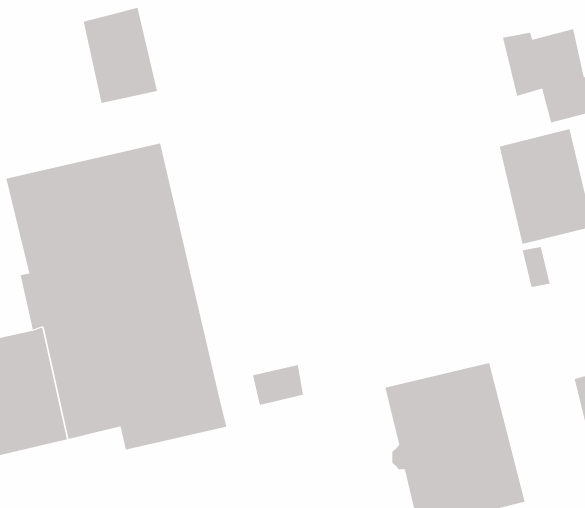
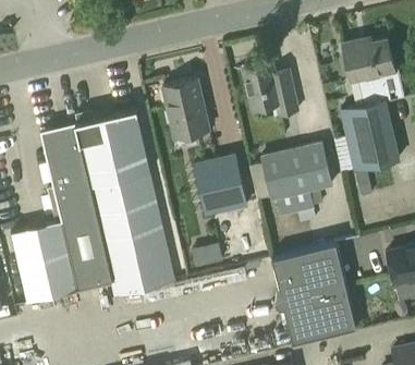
building: [83,7,158,104] -> [163,80,209,138]
building: none -> [243,62,298,118]
building: none -> [260,142,332,218]
building: none -> [178,157,248,221]

